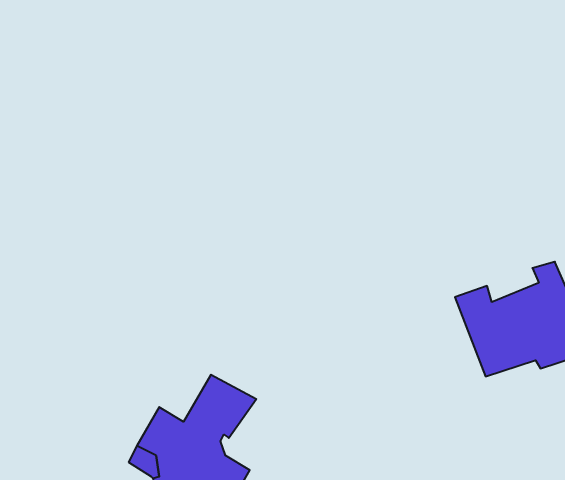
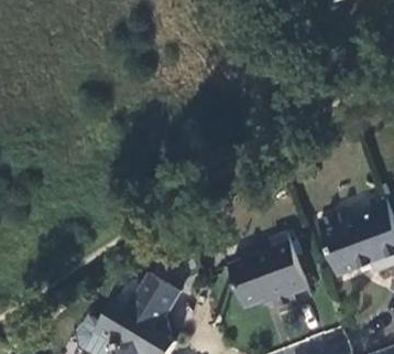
building: none -> [228,233,306,309]

